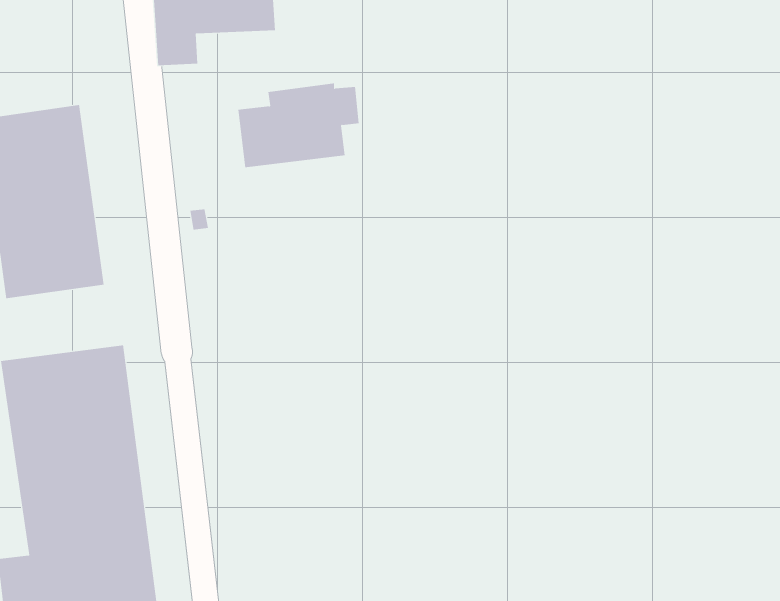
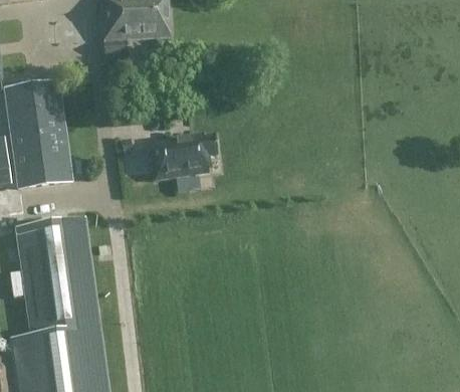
building: [238,83,360,168] -> [149,132,218,180]

